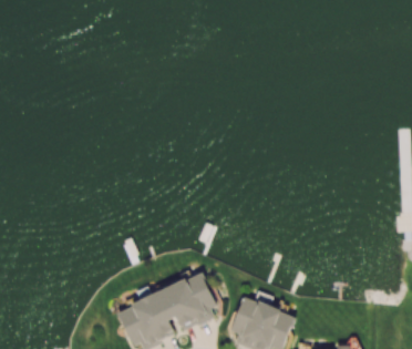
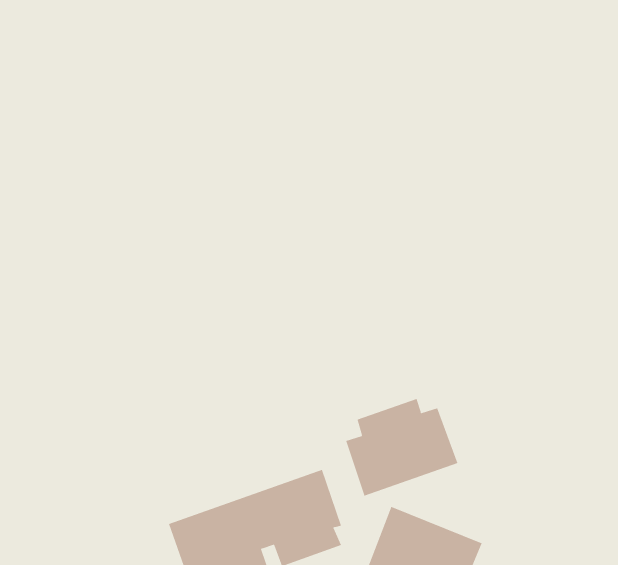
building: none -> [345,398,458,497]

